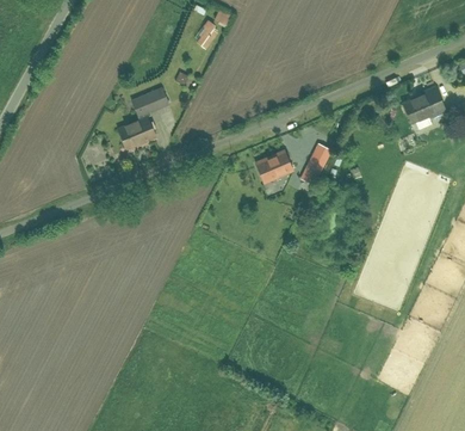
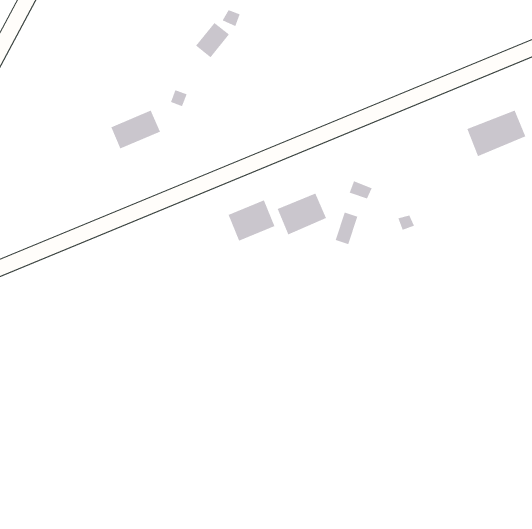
building: [118,118,156,150] -> none
building: none -> [228,200,275,241]

